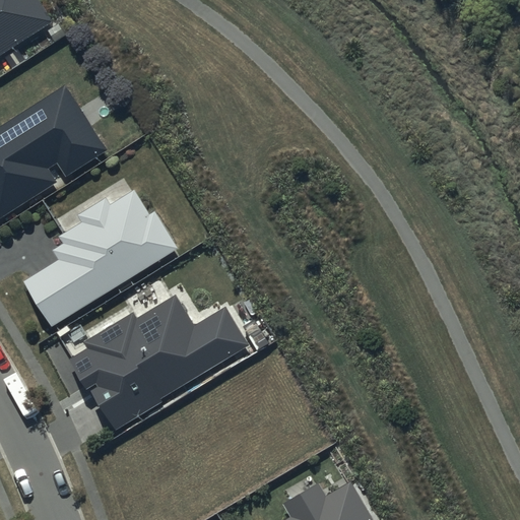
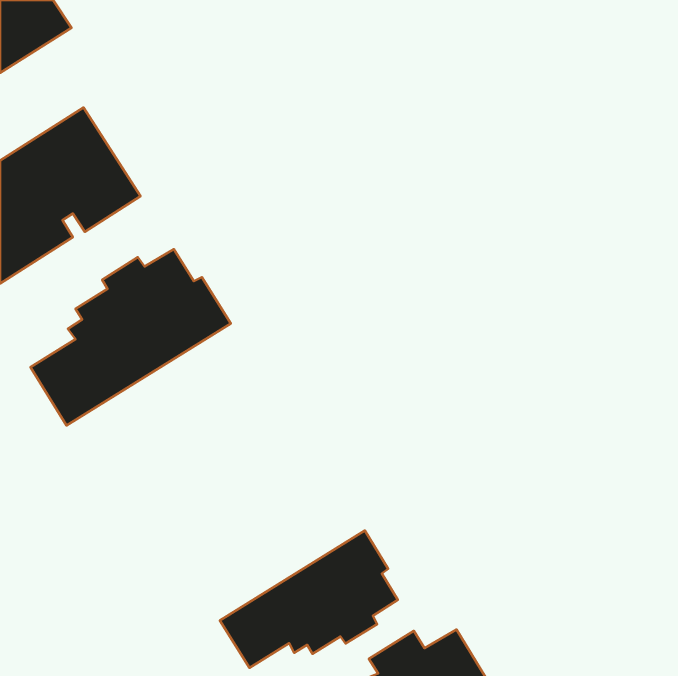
building: [69,292,249,432] -> none
building: none -> [220,531,398,668]

